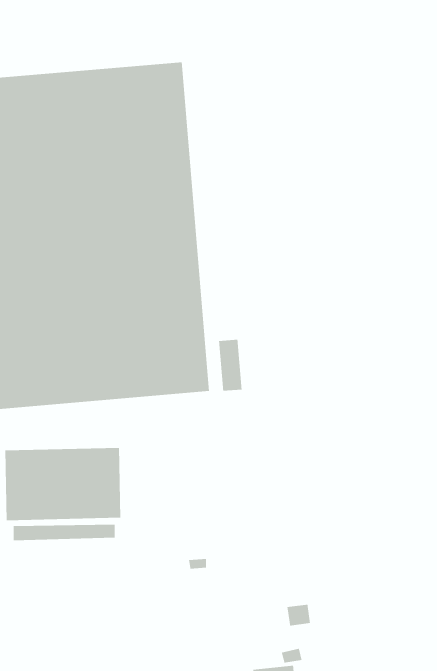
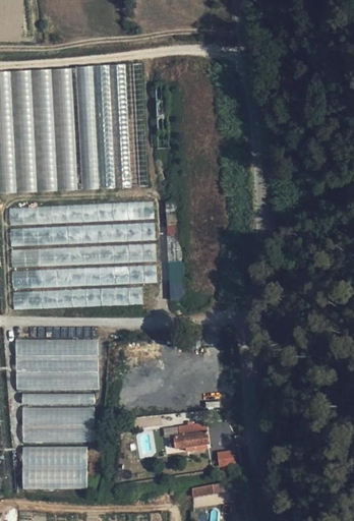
building: none -> [20,406,94,442]
building: none -> [173,422,210,449]
building: none -> [20,446,86,489]

